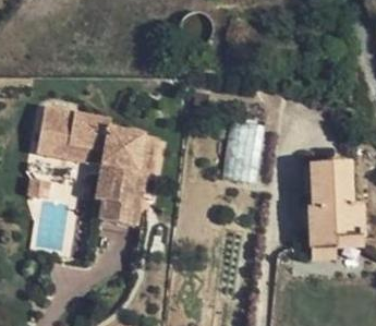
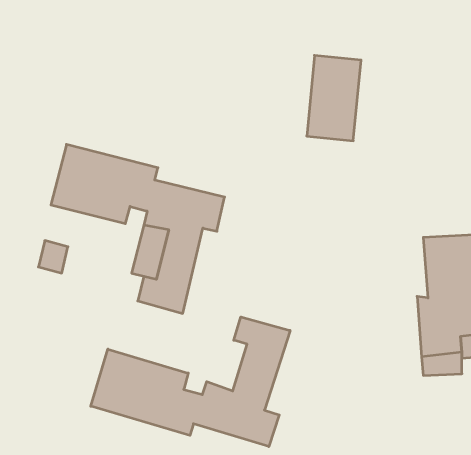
building: [226,116,264,176] -> [307,55,361,141]
building: none -> [91,317,290,447]

